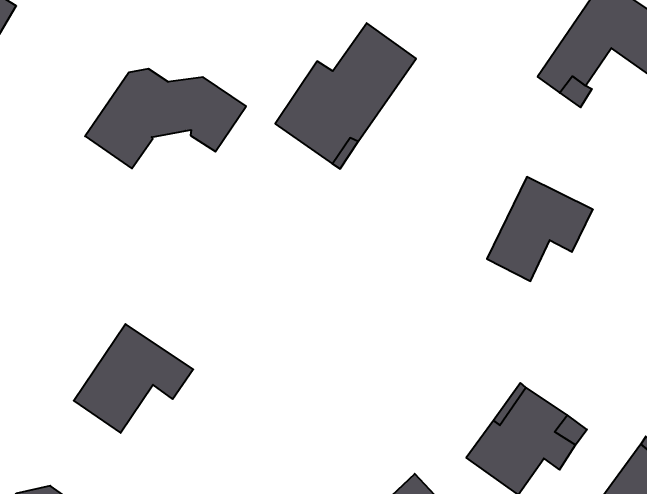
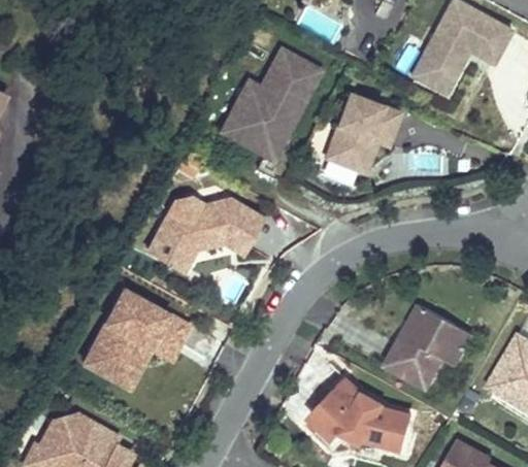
building: [85,69,246,168] -> [147,195,265,270]
building: [487,177,593,281] -> [325,94,400,171]
building: none -> [82,318,190,388]

